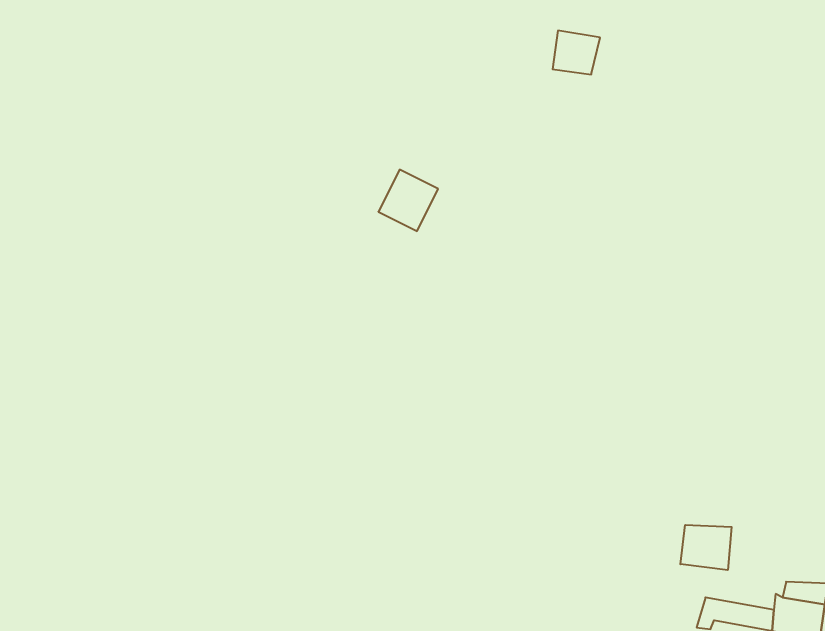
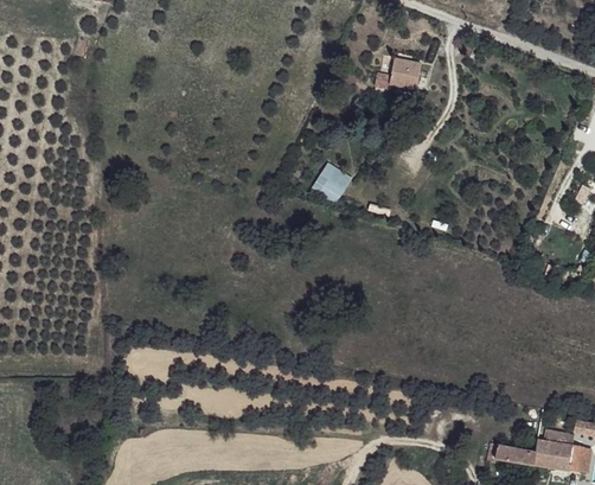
building: [378,170,438,231] -> [311,162,351,204]
building: [680,525,732,570] -> none

